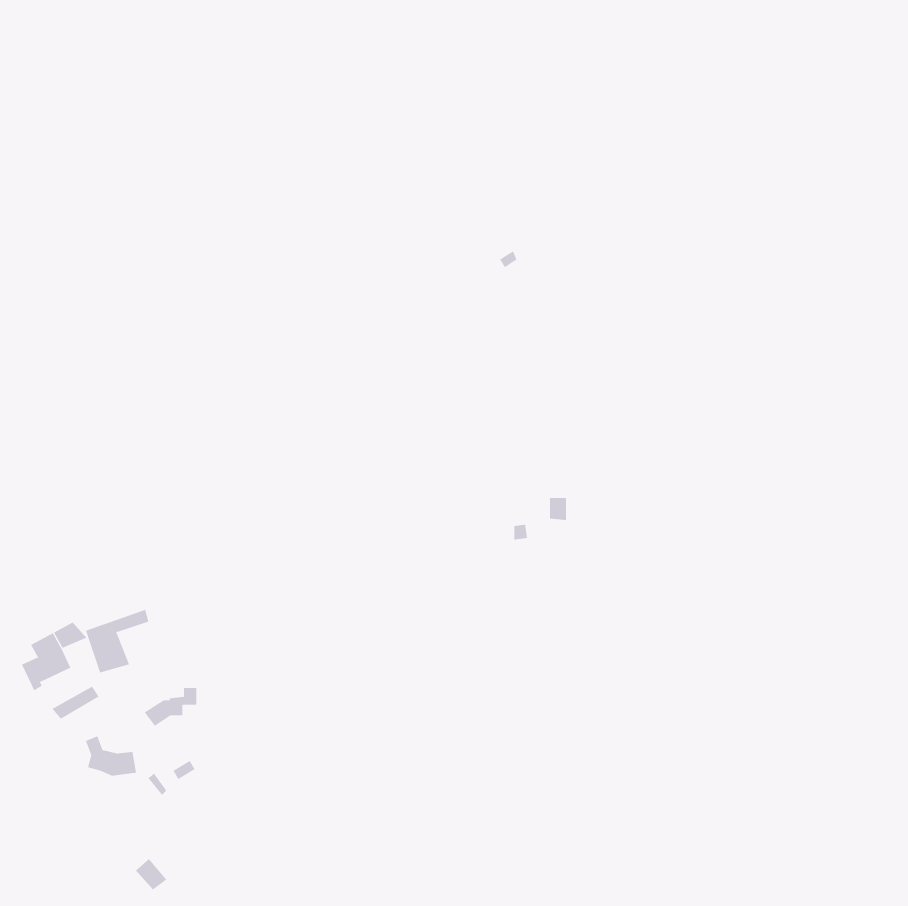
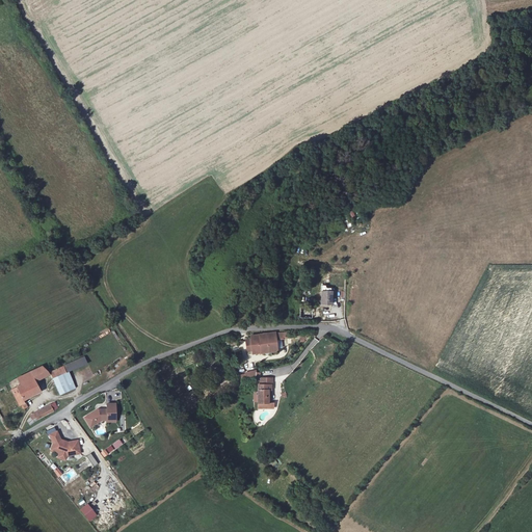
building: none -> [251,332,277,353]
building: none -> [258,377,273,408]

